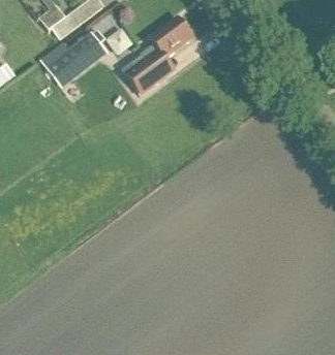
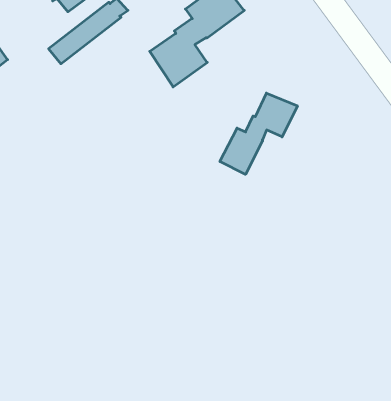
building: none -> [220,93,297,174]

